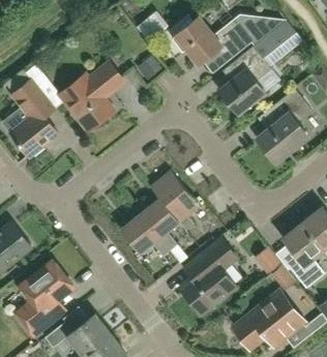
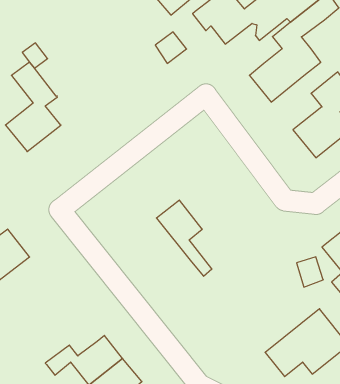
building: [59,63,124,132] -> none
building: [150,172,200,232] -> none
building: [120,214,170,258] -> none
building: [180,239,237,315] -> none
building: [16,263,72,337] -> none

